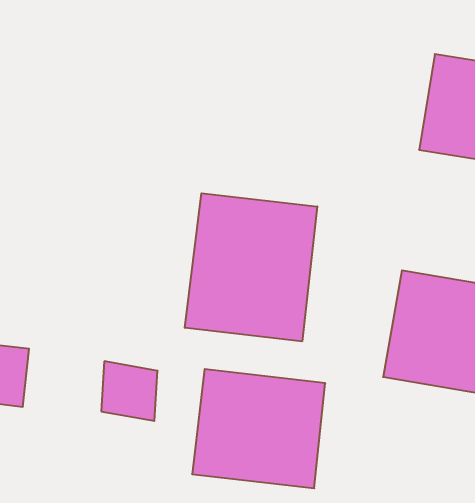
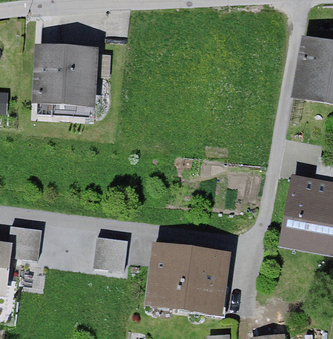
building: none -> [32,44,103,108]
building: [185,193,317,341] -> none

